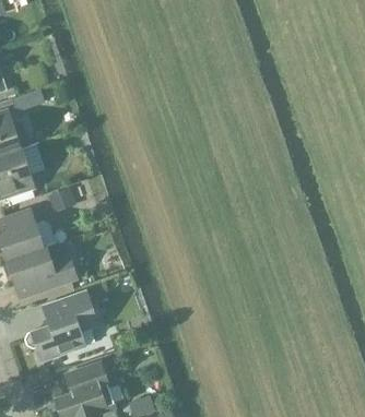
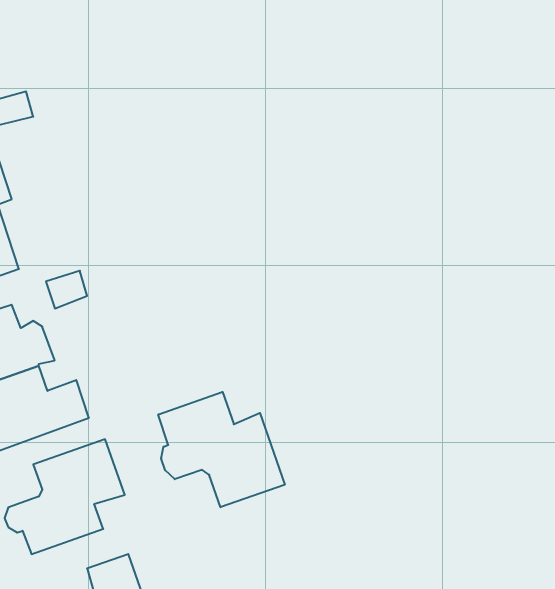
building: none -> [158,392,285,507]

